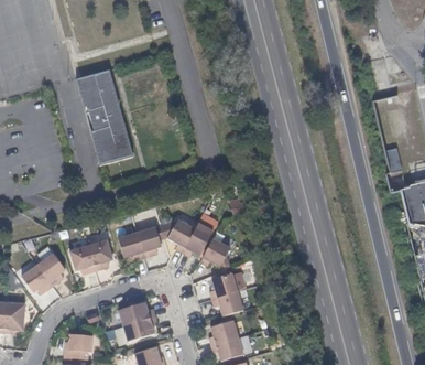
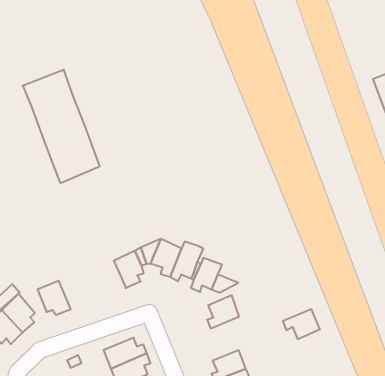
building: [118,233,144,261] -> none
building: [88,238,113,270] -> none
building: [212,291,243,315] -> [283,309,320,339]

